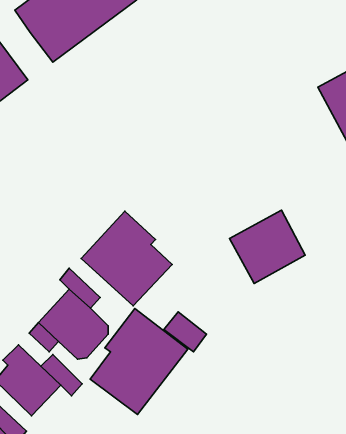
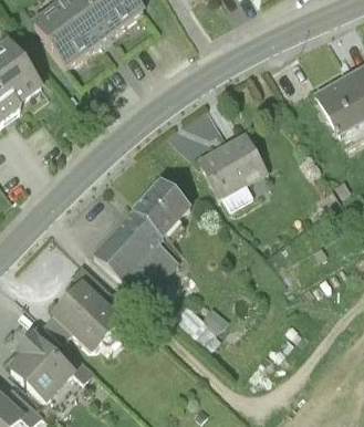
building: none -> [133,177,190,235]
building: [229,210,305,283] -> [196,129,267,198]
building: [90,309,188,415] -> none

